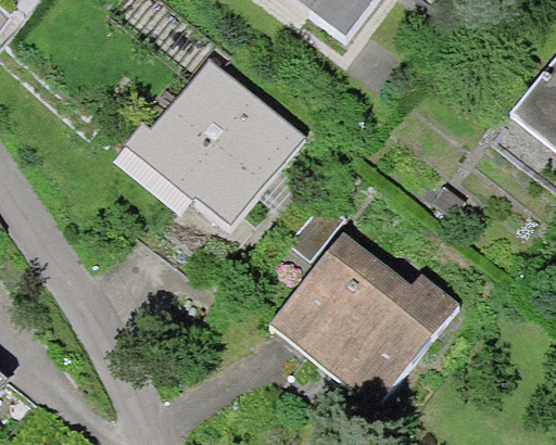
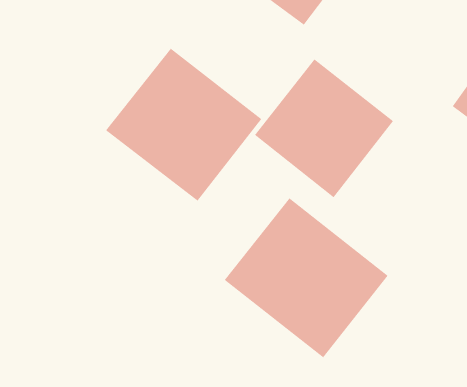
building: none -> [254,58,394,198]

